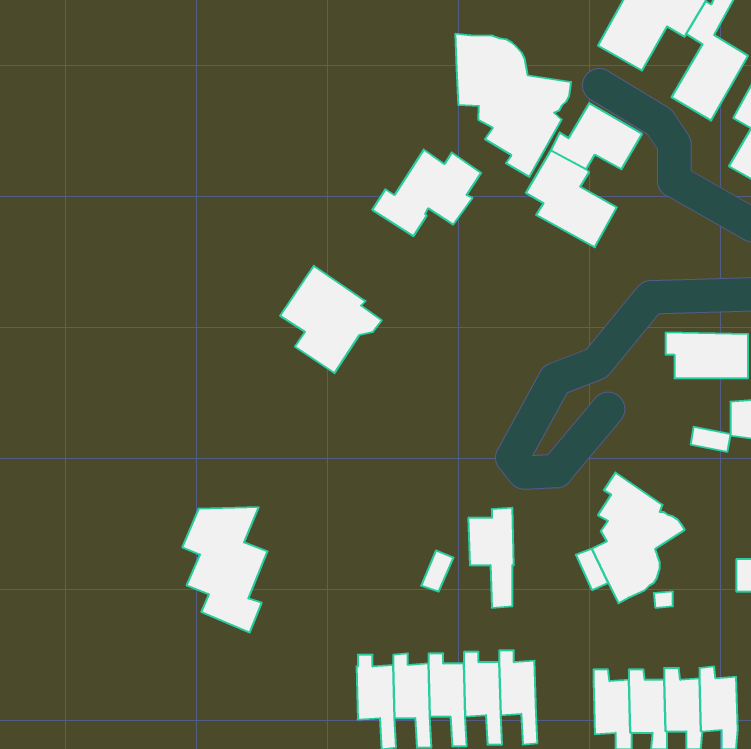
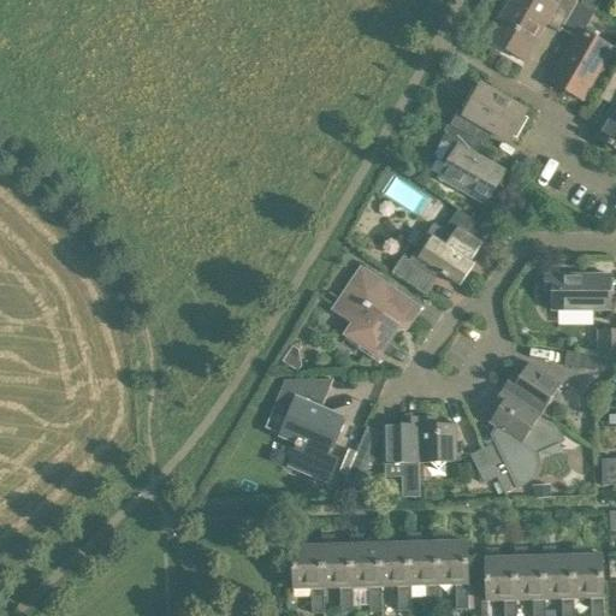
building: [456,34,571,177] -> none
building: [372,149,481,236] -> [393,223,482,294]
building: [280,266,382,373] -> [334,267,417,355]
building: none -> [504,361,562,413]
building: [182,507,268,632] -> [273,379,343,481]
building: none -> [420,415,457,462]
building: none -> [438,532,469,608]

